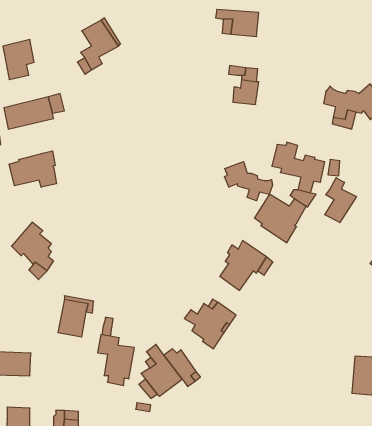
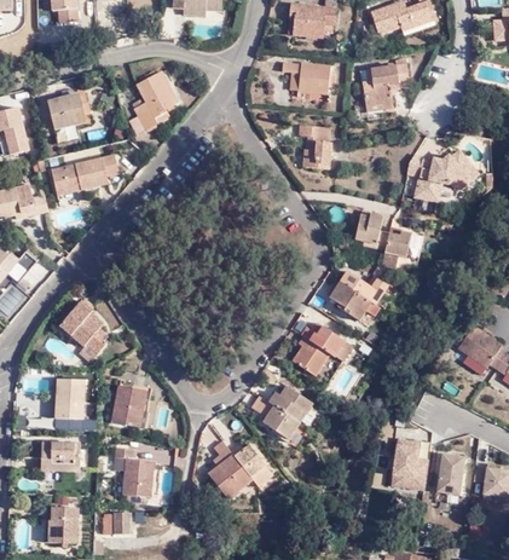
building: none -> [368,59,412,104]
building: [9,151,56,187] -> none
building: [225,162,273,201] -> none
building: [325,178,356,223] -> none
building: none -> [53,382,82,422]
building: [98,335,134,385] -> [111,448,152,504]
building: none -> [394,437,432,490]

